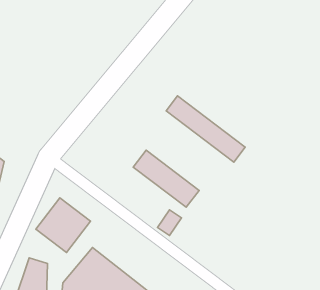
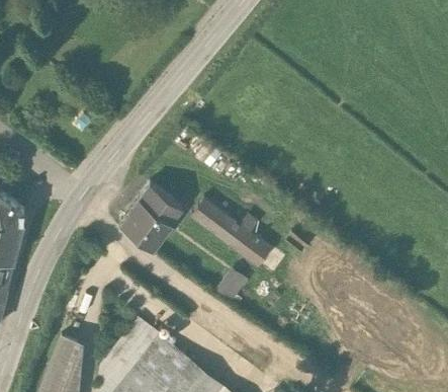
building: [166,96,245,162] -> none
building: [36,198,90,253] -> [116,178,185,247]

